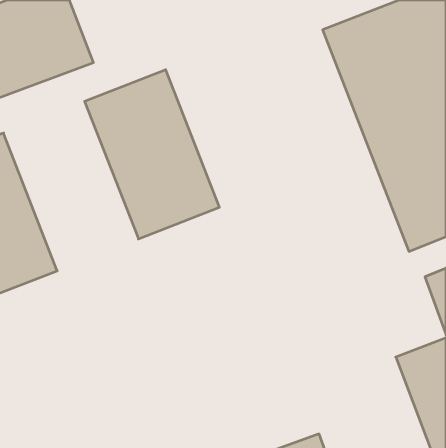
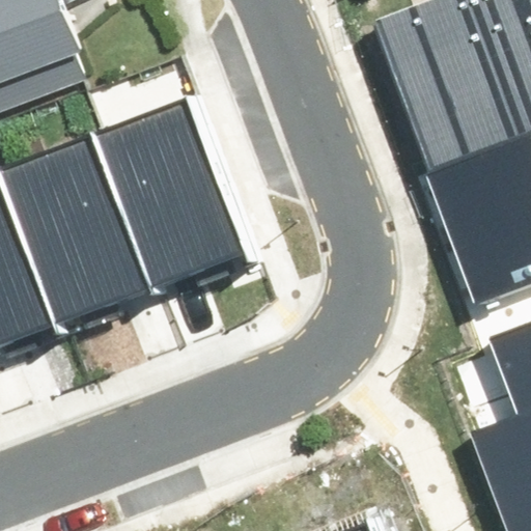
building: none -> [4,122,163,322]

